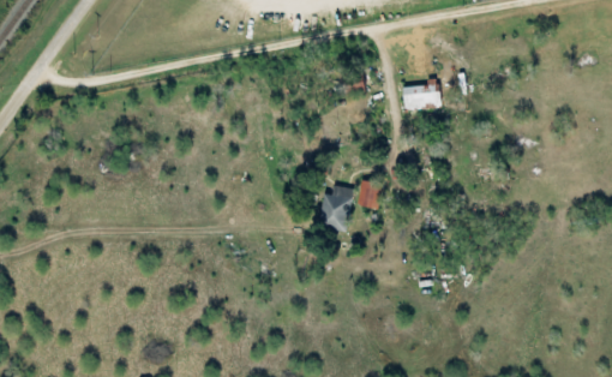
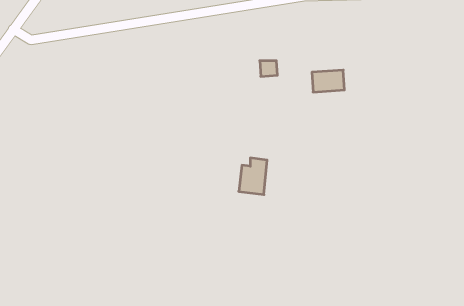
building: [356,180,380,208] -> none

